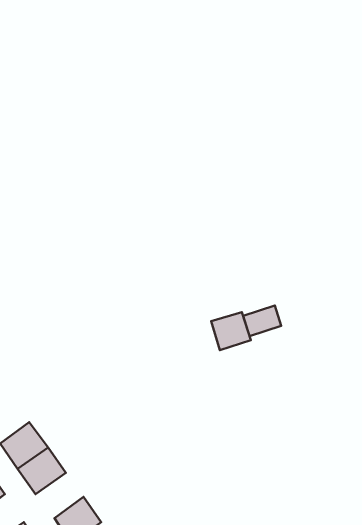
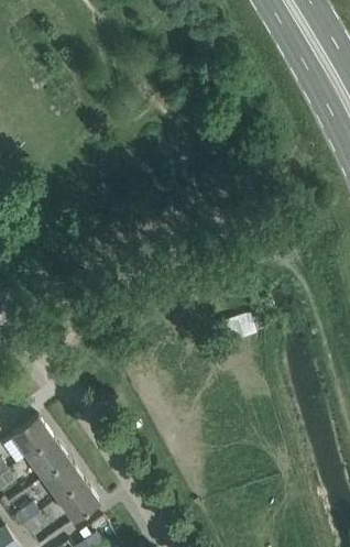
building: [211,312,251,350] -> none
building: none -> [42,461,84,501]

